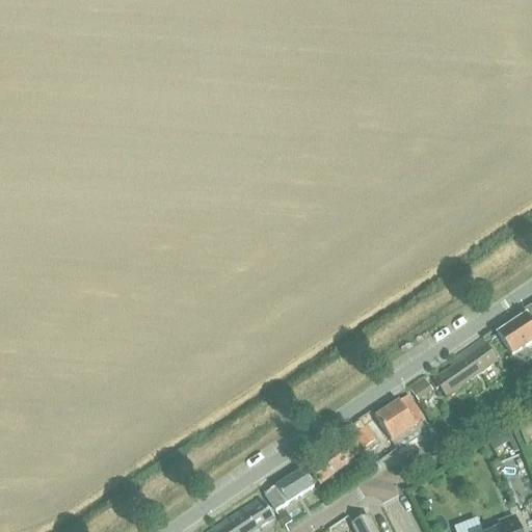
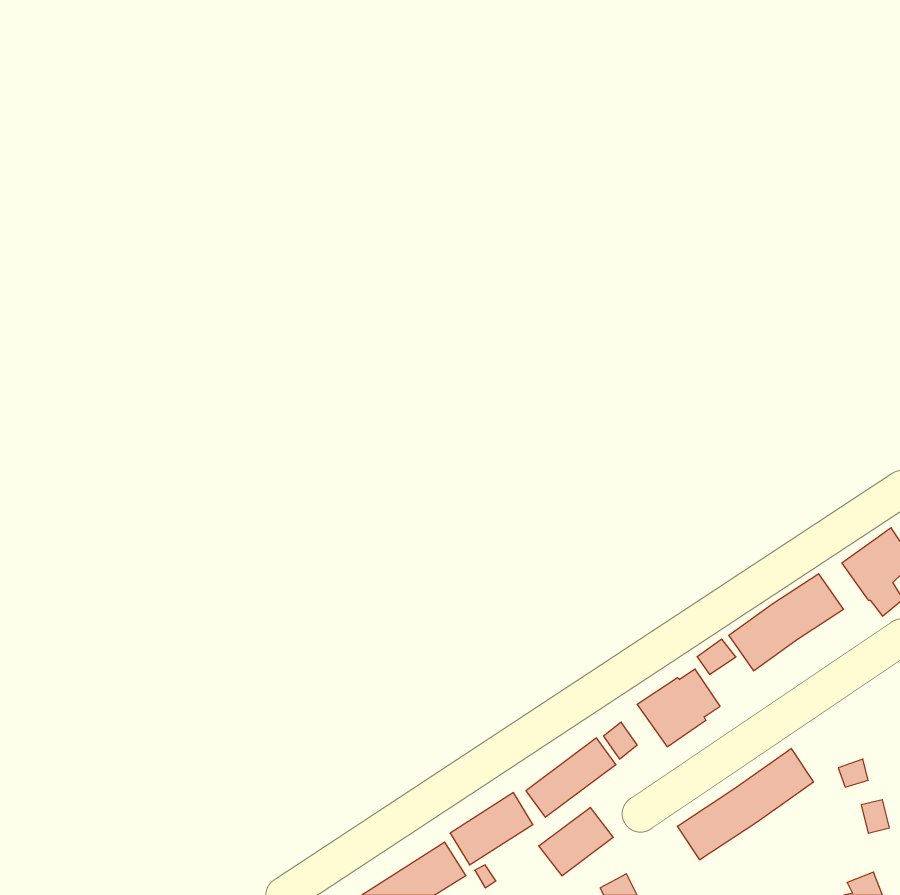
building: none -> [677,748,814,860]
building: none -> [539,807,613,876]

